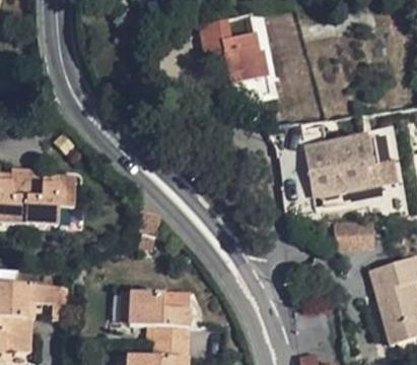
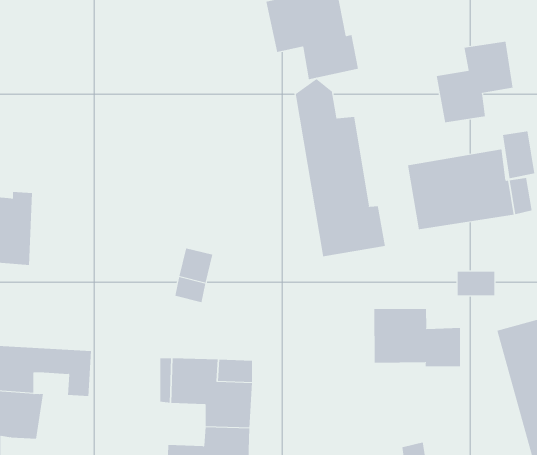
building: none -> [436,41,513,123]
building: none -> [295,78,386,257]
building: [24,168,75,224] -> none
building: none -> [374,308,461,367]

